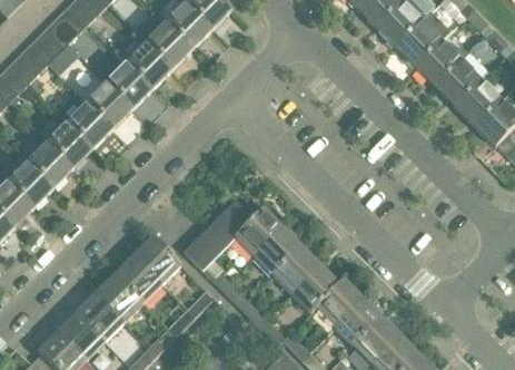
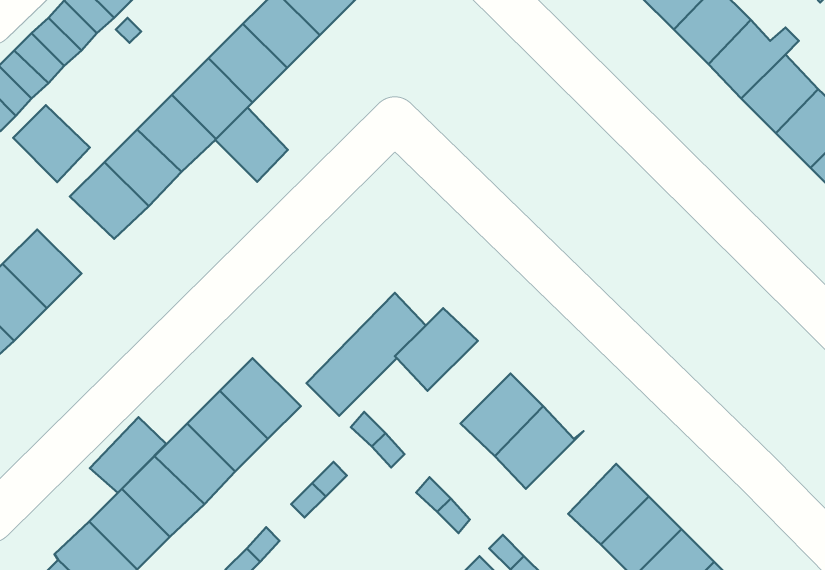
building: none -> [215,108,288,182]
building: [28,143,72,187] -> [13,105,90,182]
building: [254,226,301,274] -> none
building: none -> [90,417,166,493]
building: [310,279,363,327] -> none

